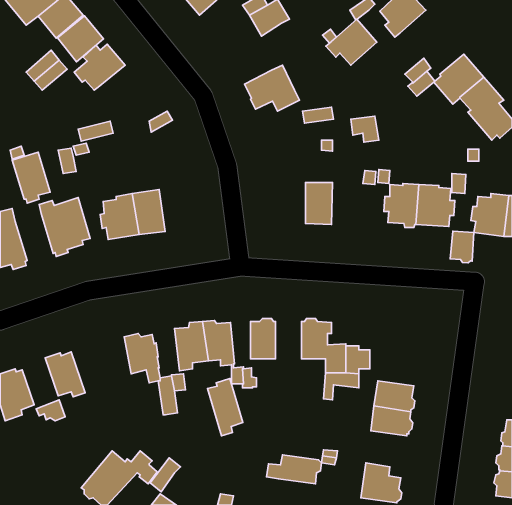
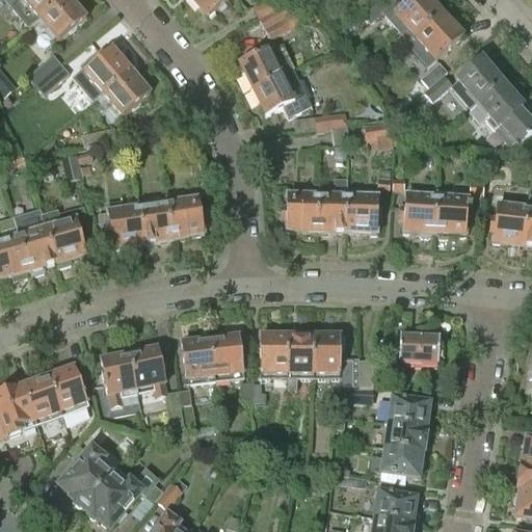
building: [57,16,104,62] -> [102,68,150,115]
building: [326,19,377,65] -> [409,10,462,58]
building: none -> [239,39,293,87]
building: [12,152,50,203] -> [16,221,55,274]
building: none -> [281,188,317,232]
building: none -> [344,189,381,233]
building: none -> [165,194,207,240]
building: [450,231,474,263] -> none
building: none -> [286,330,313,372]
building: none -> [398,334,440,363]
building: none -> [99,349,139,414]
building: none -> [23,371,60,420]
building: [207,379,243,436] -> none
building: none -> [58,446,116,506]
building: [267,455,322,484] -> [368,447,425,477]

